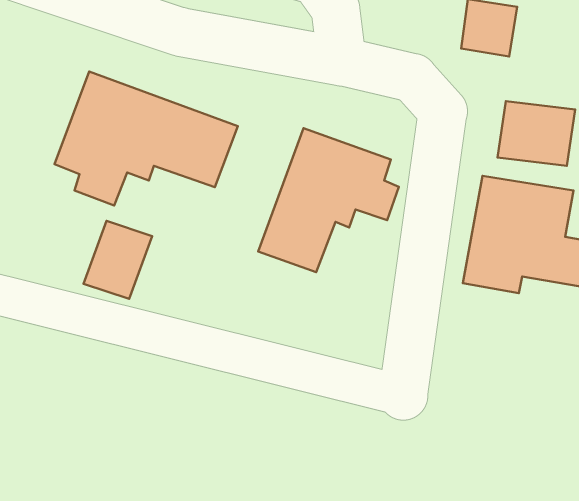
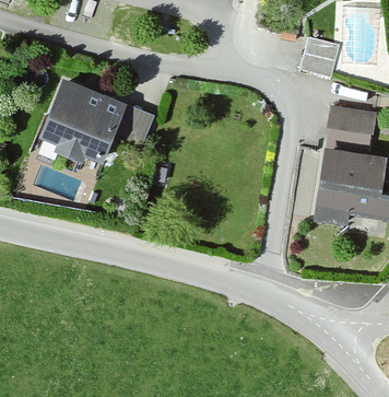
building: [258,128,399,272] -> none
building: [84,221,152,299] -> none

